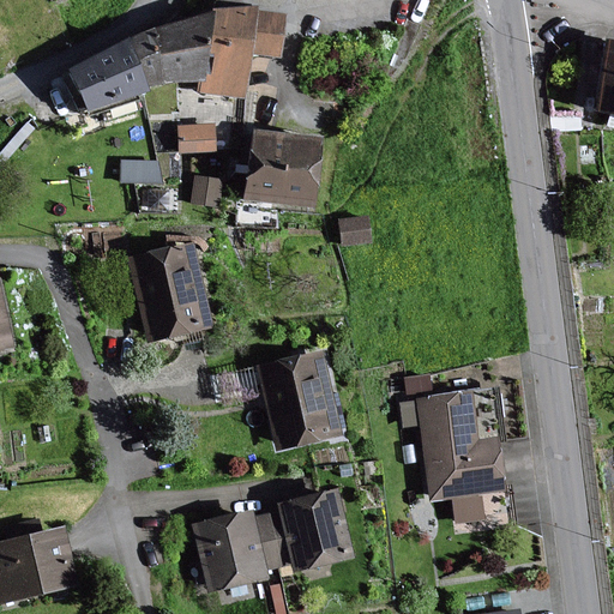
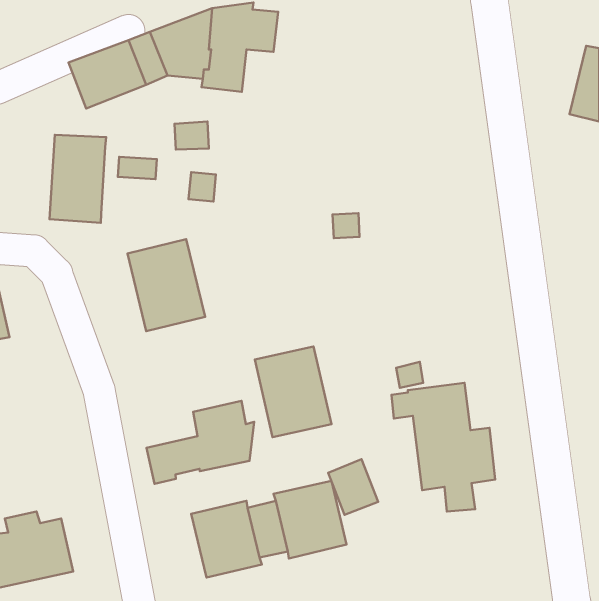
building: [246,131,323,204] -> none
building: none -> [49,135,106,223]
building: none -> [147,401,254,484]
building: none -> [328,459,378,515]

